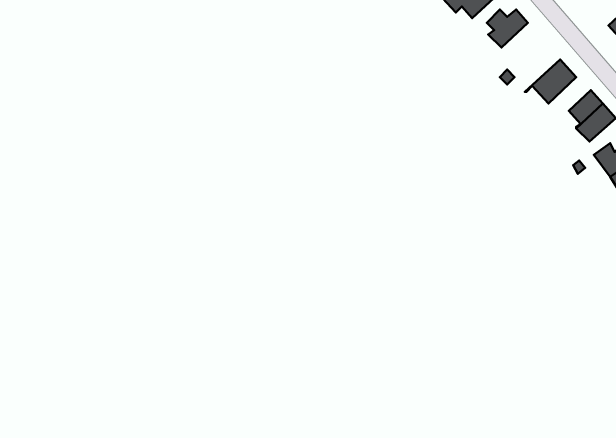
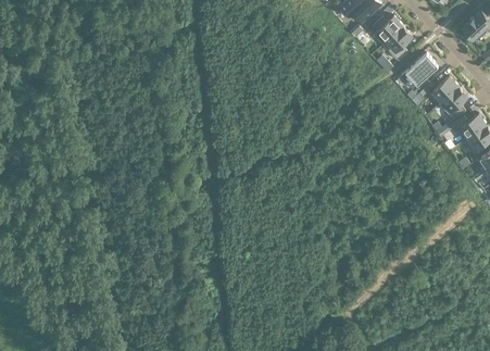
building: none -> [382,27,412,61]

